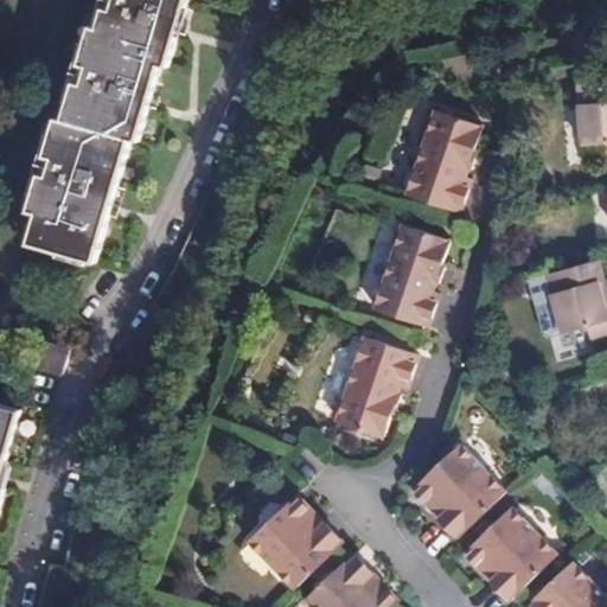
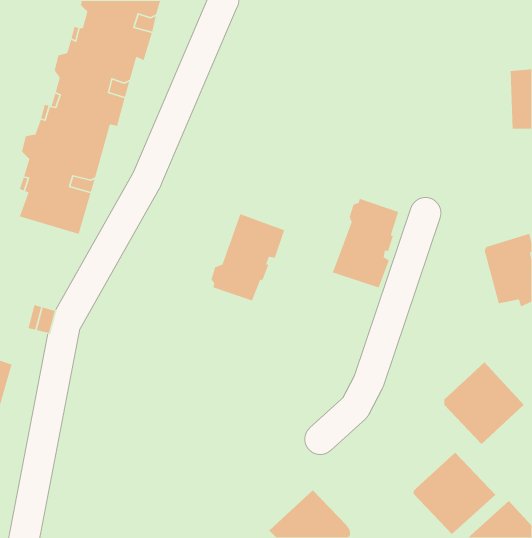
building: [410,110,484,212] -> none
building: [332,336,416,435] -> [210,213,285,302]
building: [414,445,505,538] -> [443,362,525,445]
building: [245,493,341,587] -> none

